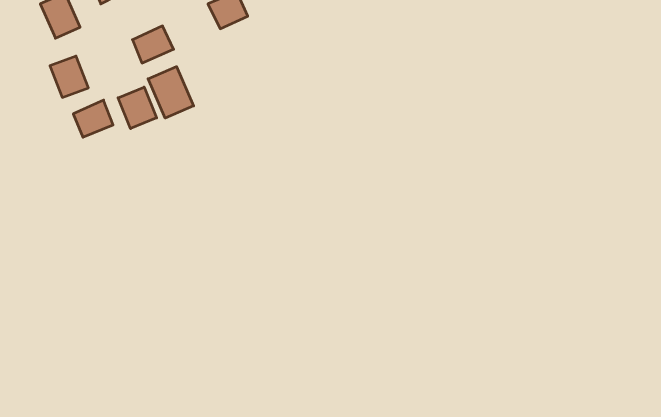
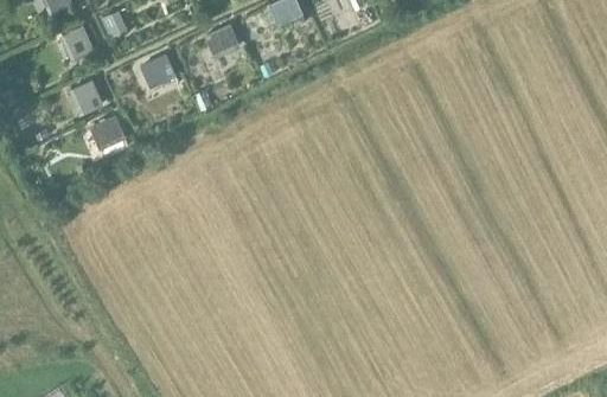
building: [148,67,194,118] -> none
building: [118,87,157,129] -> none

